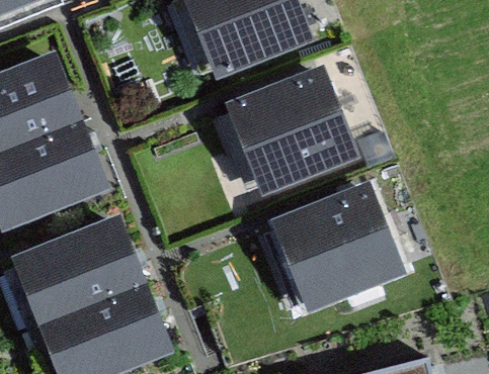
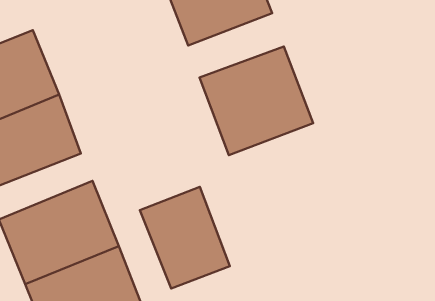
building: [277,189,399,305] -> none
building: none -> [140,187,230,288]

